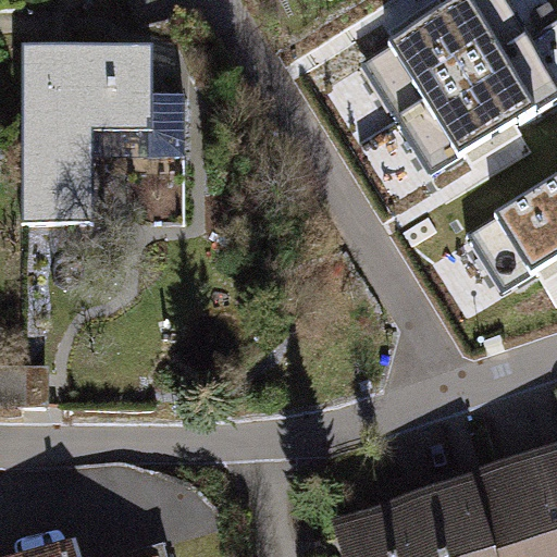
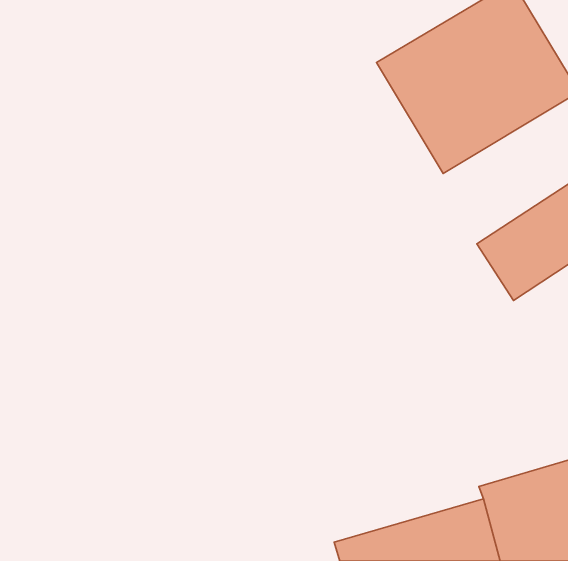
building: [18,46,154,214] -> none

